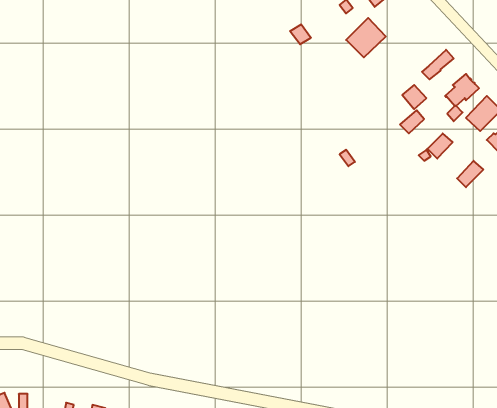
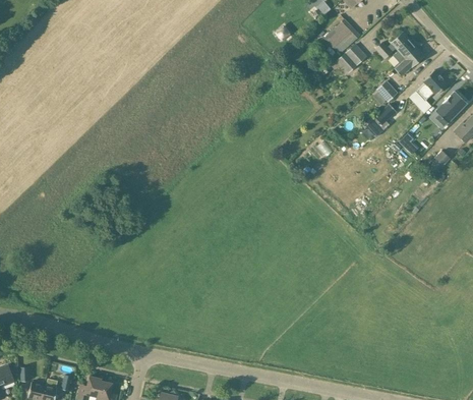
building: none -> [374,33,416,63]
building: none -> [337,44,366,73]

